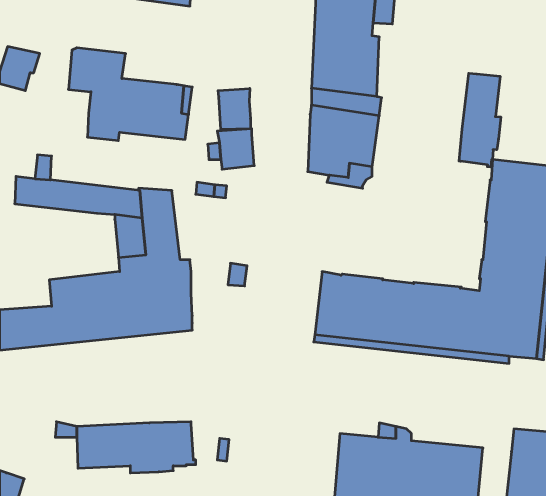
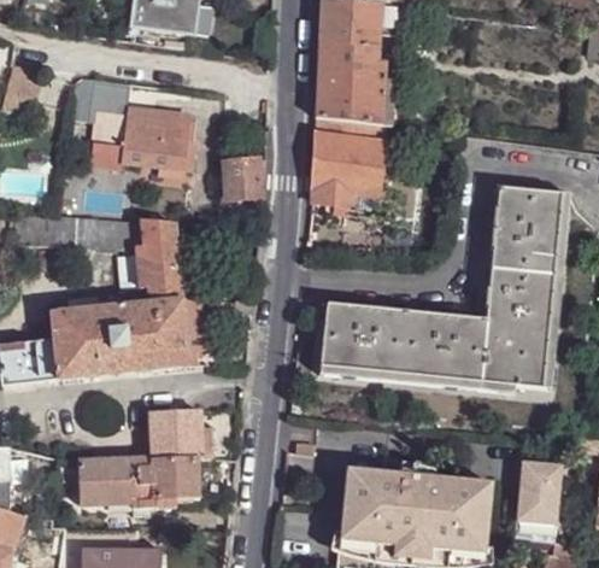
building: [459,73,501,167] -> none
building: [218,88,251,129] -> none
building: none -> [149,408,210,456]

